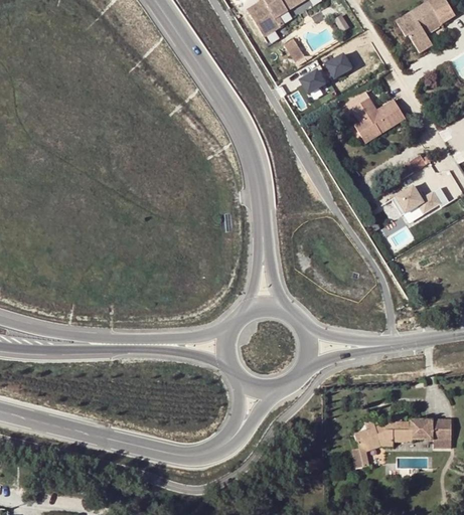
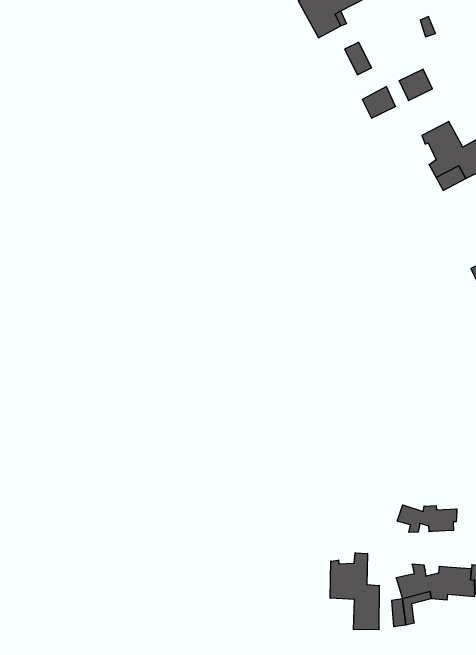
building: none -> [397,505,457,532]
building: none -> [330,553,379,630]

